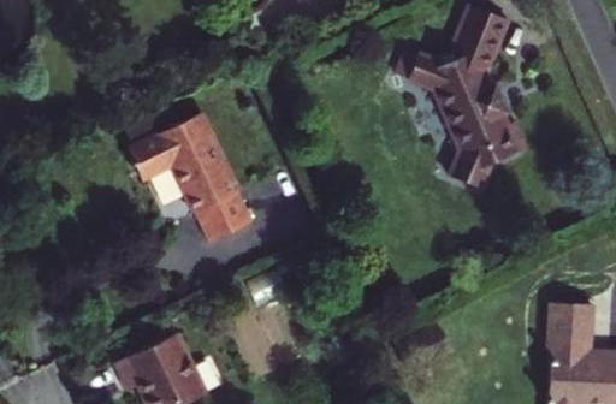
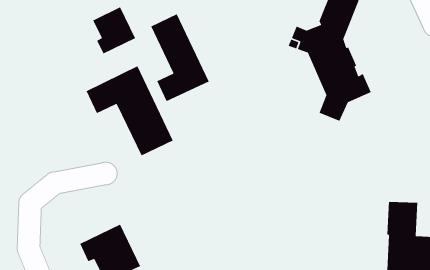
building: none -> [92,6,136,54]
building: none -> [150,13,210,102]

